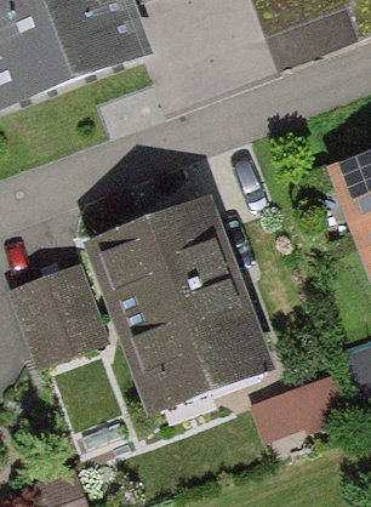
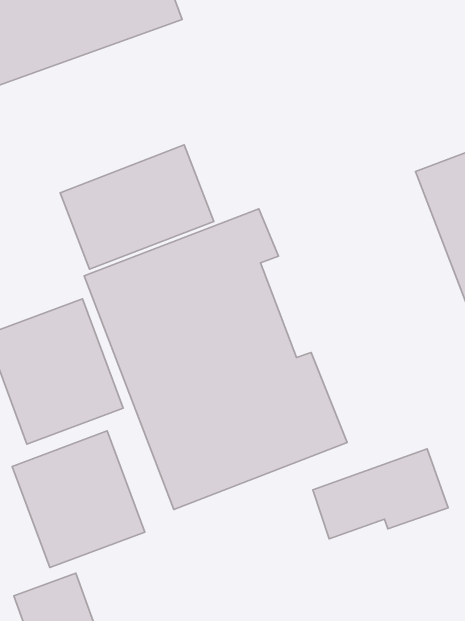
building: none -> [60,145,214,269]
building: none -> [12,431,145,568]

